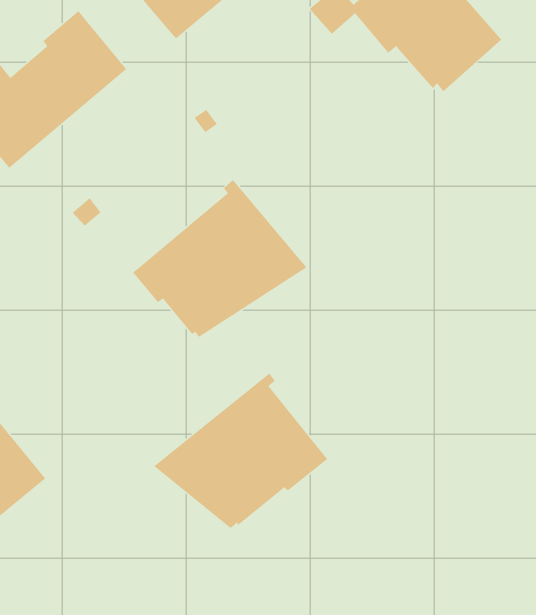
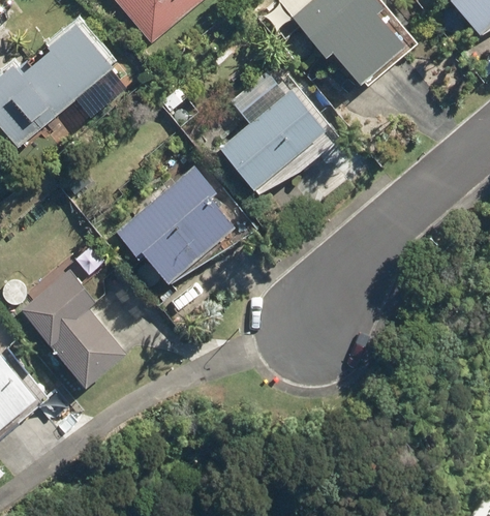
building: none -> [218,77,338,193]
building: none -> [21,267,125,388]
building: [153,373,328,529] -> none

